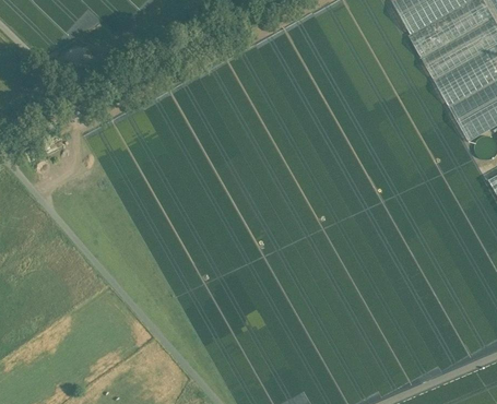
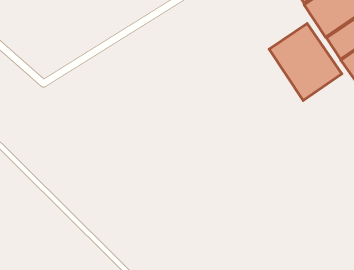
building: none -> [269,23,342,101]

